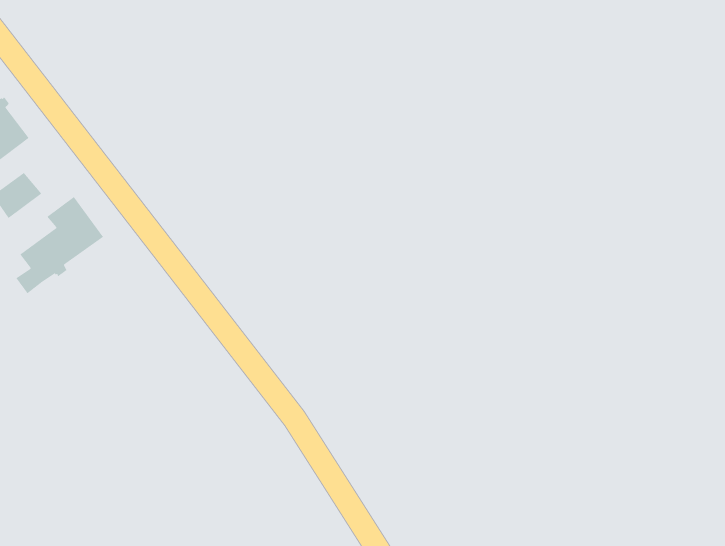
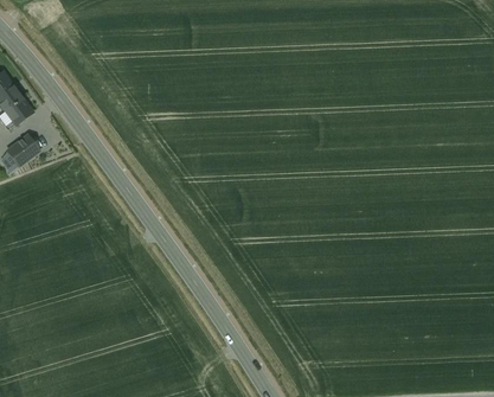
building: [15,196,104,294] -> none

